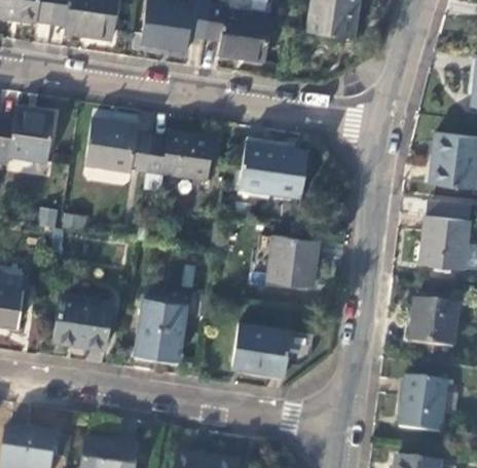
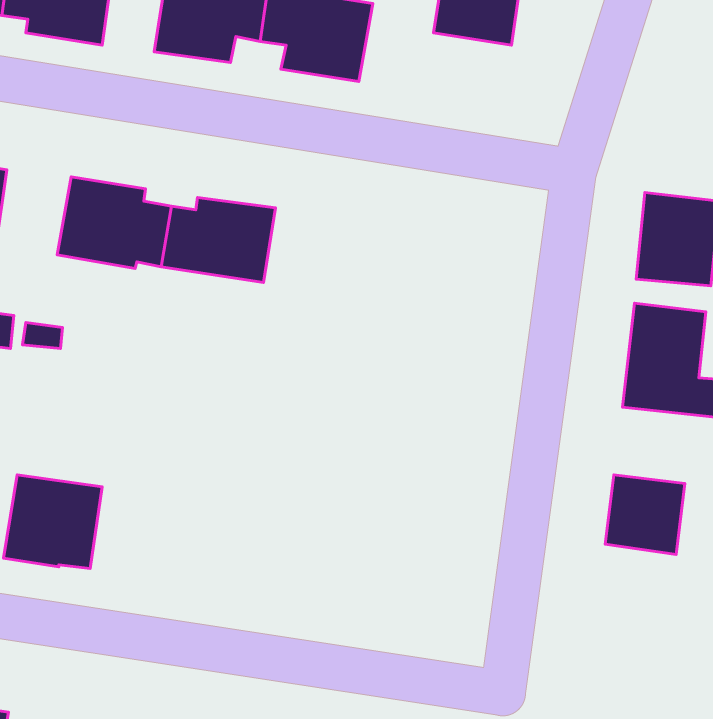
building: [238,144,308,200] -> none
building: [267,240,317,289] -> none
building: [135,290,188,363] -> none
building: [231,326,291,378] -> none
building: [398,373,454,428] -> none

